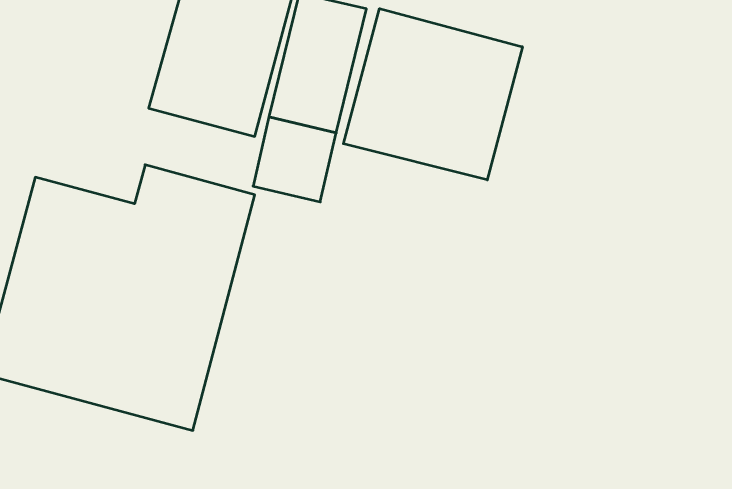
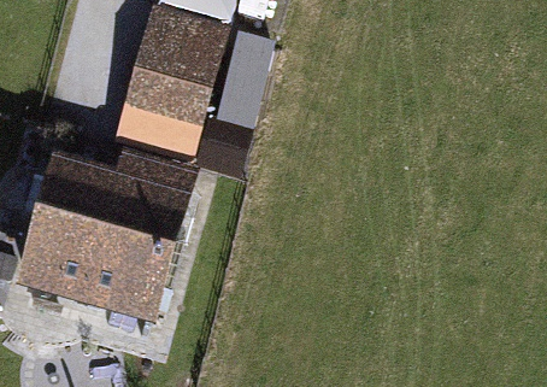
building: [343,9,522,180] -> none

